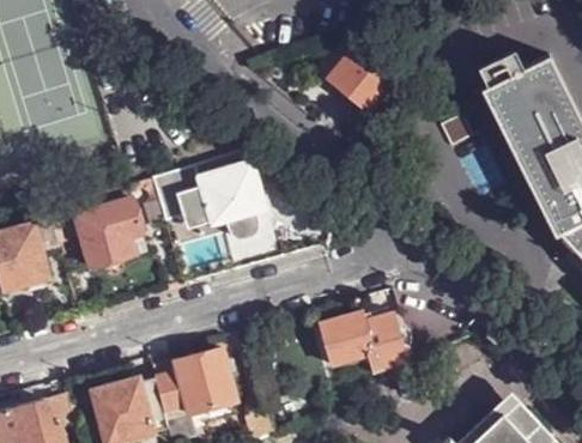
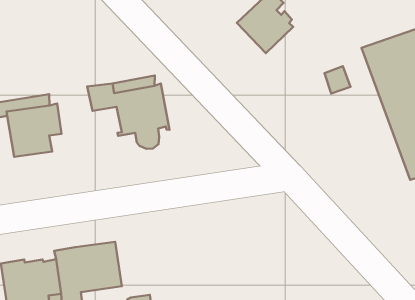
building: [320,314,410,377] -> none

